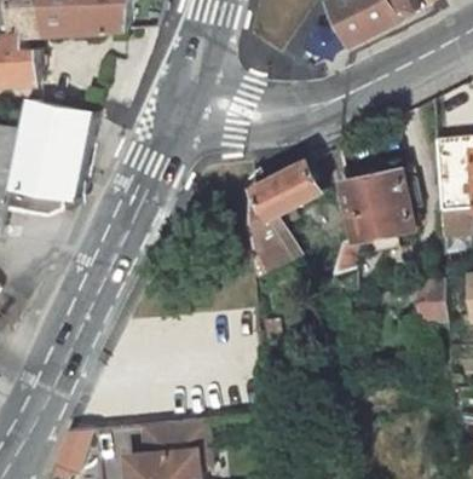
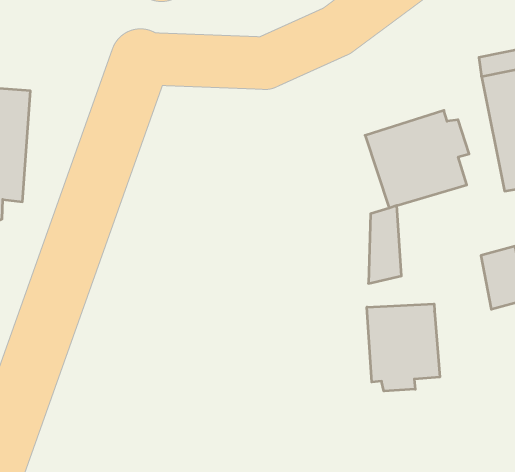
building: [248,160,324,275] -> none
building: none -> [367,304,440,391]

